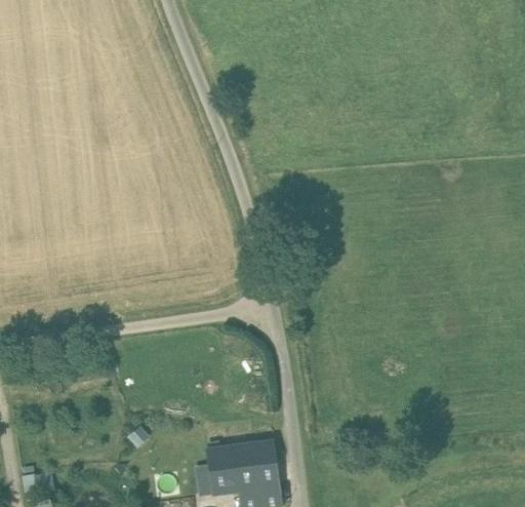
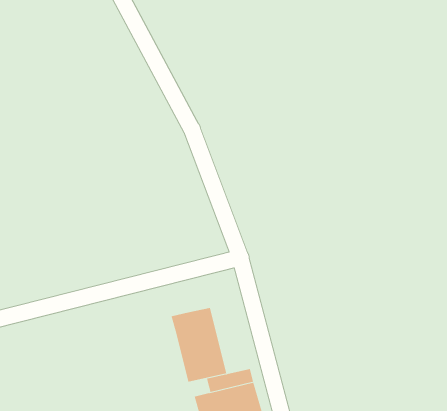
building: none -> [171,307,227,382]

